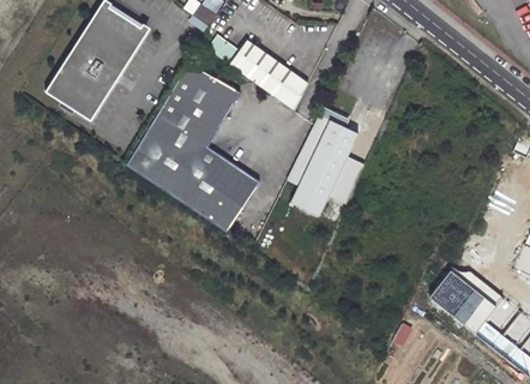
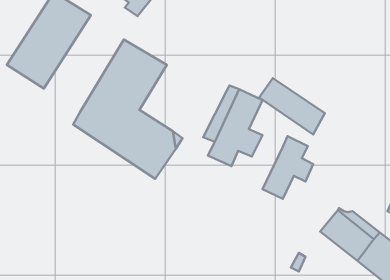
building: [228,41,308,110] -> [259,78,325,135]
building: none -> [262,136,313,199]

